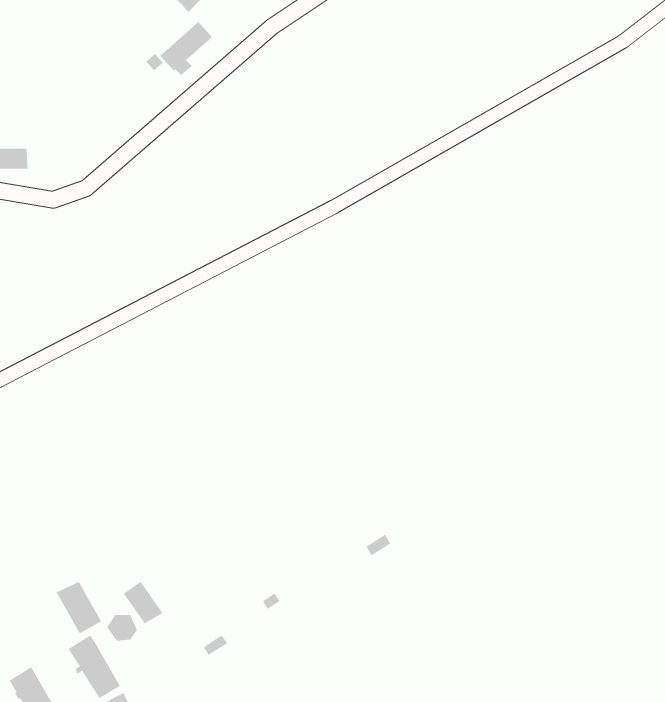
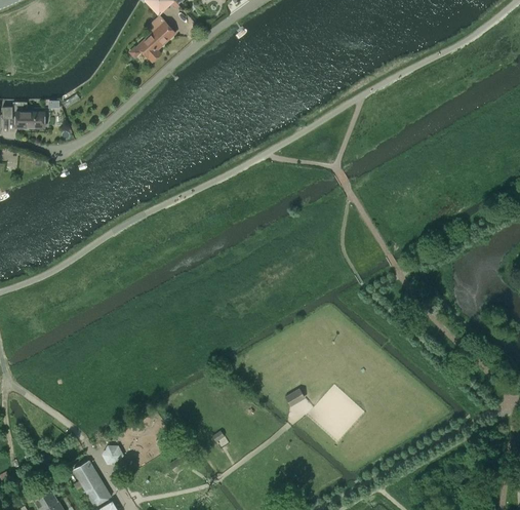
building: [55,581,102,634] -> none
building: [123,581,163,625] -> none

